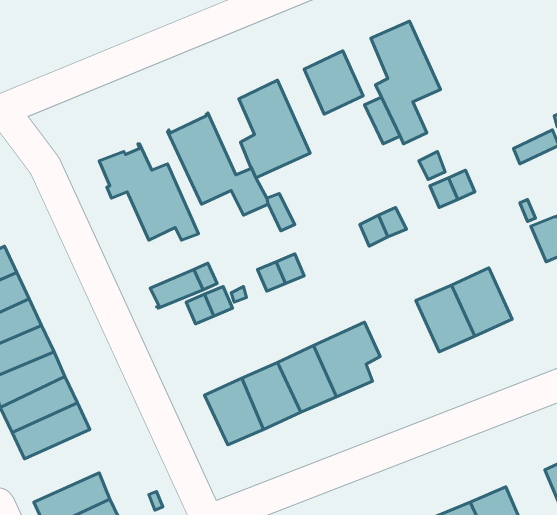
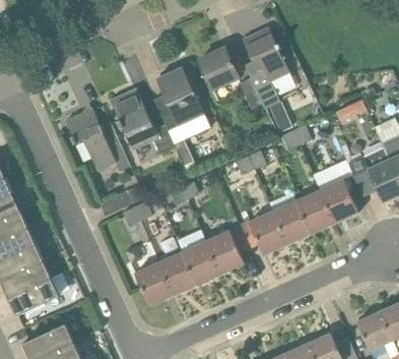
building: none -> [320,179,358,223]
building: none -> [239,211,287,254]

